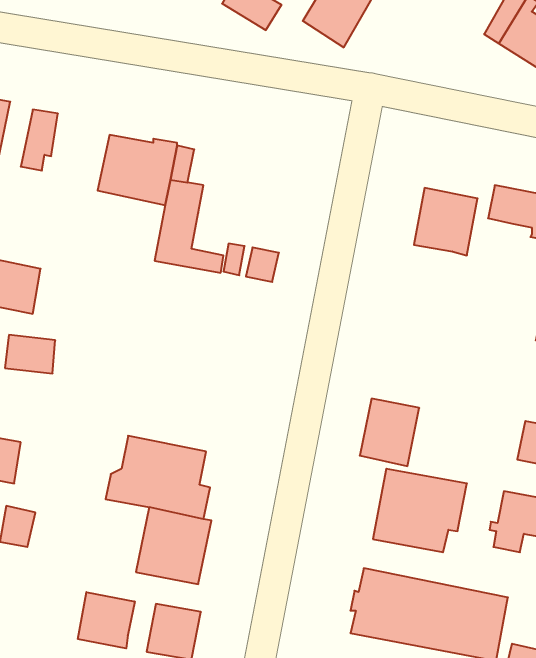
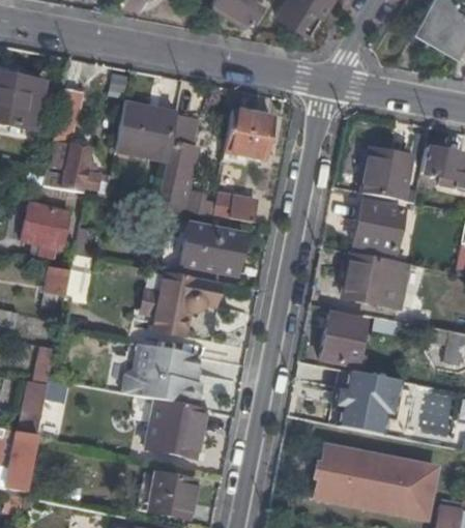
building: none -> [222,110,272,165]
building: none -> [54,141,100,189]
building: none -> [353,201,403,251]
building: none -> [180,224,245,275]
building: none -> [343,252,407,306]
building: none -> [152,272,225,336]
building: [78,592,135,648] -> none

